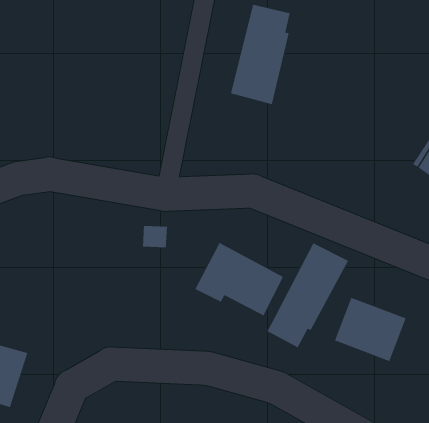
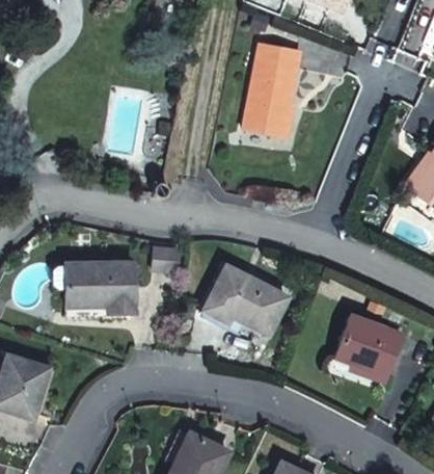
building: none -> [66,262,133,312]
building: [267,243,349,348] -> none

